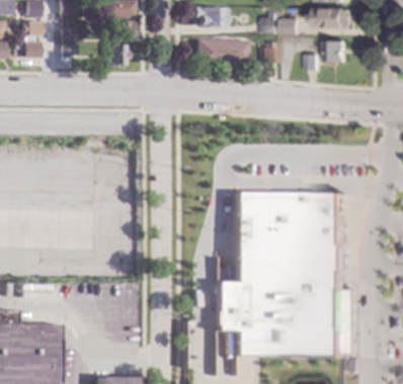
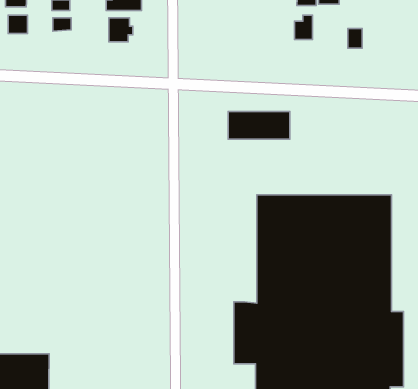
building: [194,39,246,63] -> [228,111,290,139]
building: [326,39,345,60] -> none

